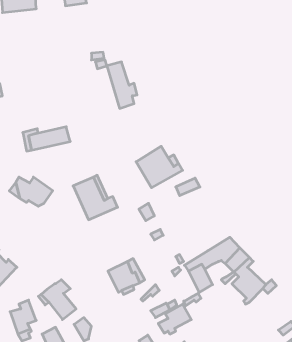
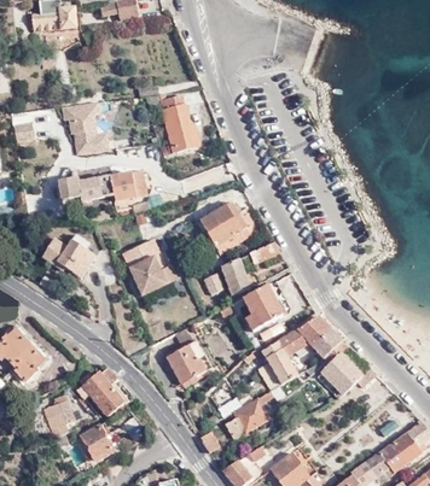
building: none -> [63,109,111,159]
building: none -> [112,171,146,195]
building: none -> [219,259,249,295]
building: none -> [242,285,279,326]

